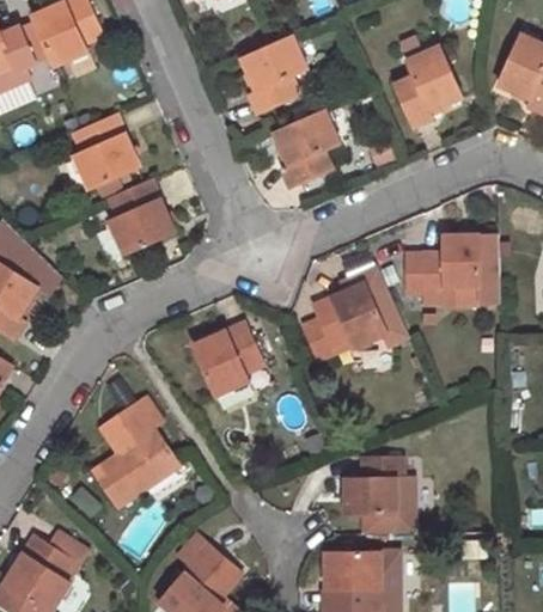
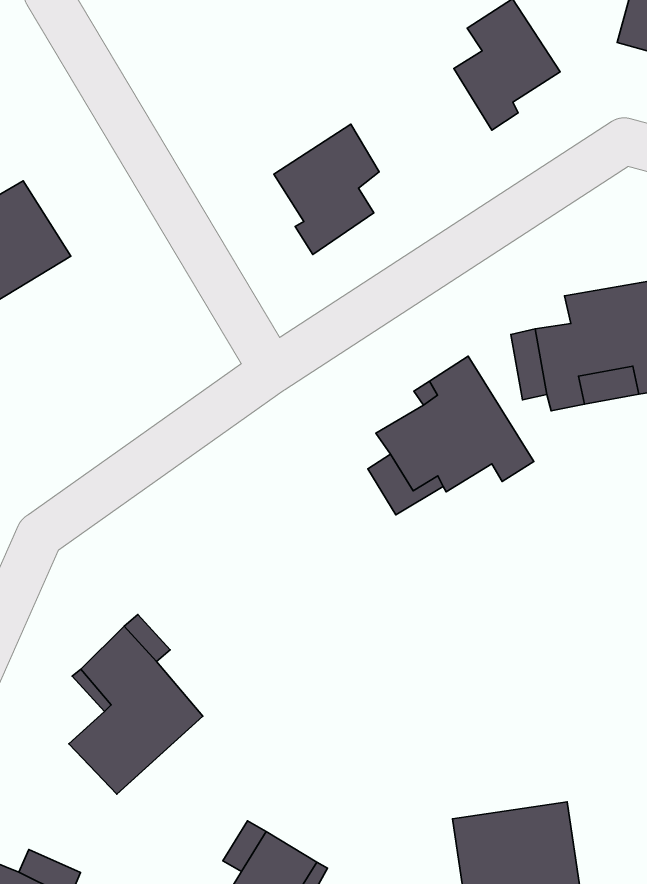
building: [239,36,306,112] -> none
building: [108,180,173,255] -> none
building: [193,322,262,394] -> none
building: [344,458,414,534] -> none

